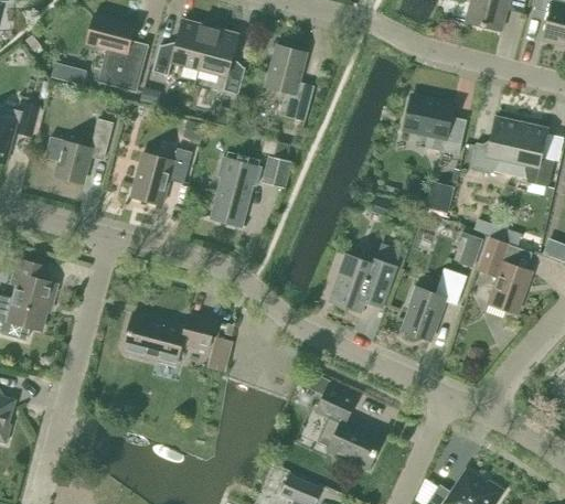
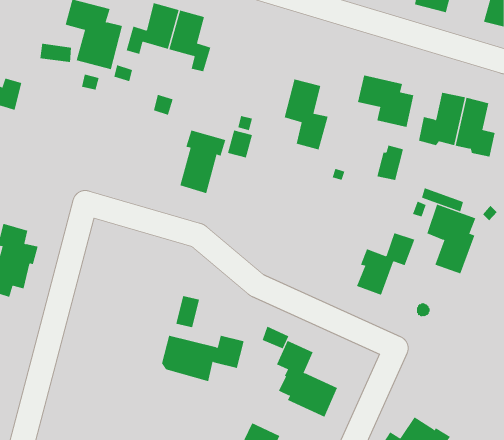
building: [266,44,315,121] -> [284,79,328,150]
building: [55,119,113,183] -> none
building: [130,148,192,205] -> none
building: [331,255,394,308] -> none
building: [125,313,215,364] -> [161,335,245,382]

